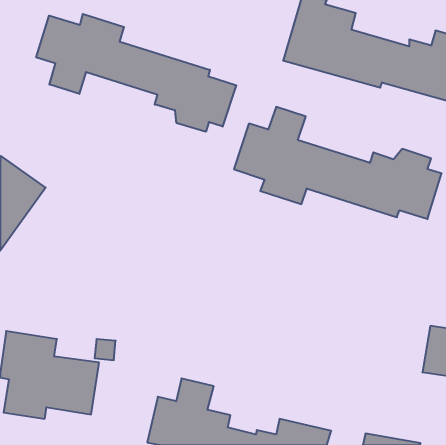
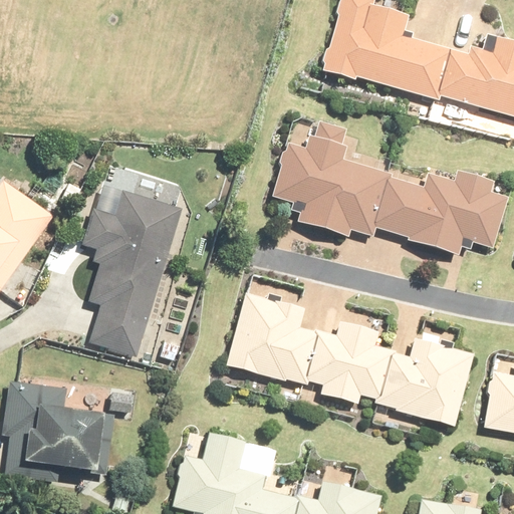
building: [36,14,236,132] -> none
building: none -> [81,190,183,356]
building: none -> [223,295,471,429]

